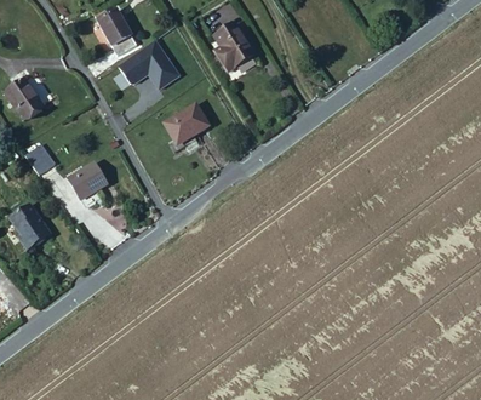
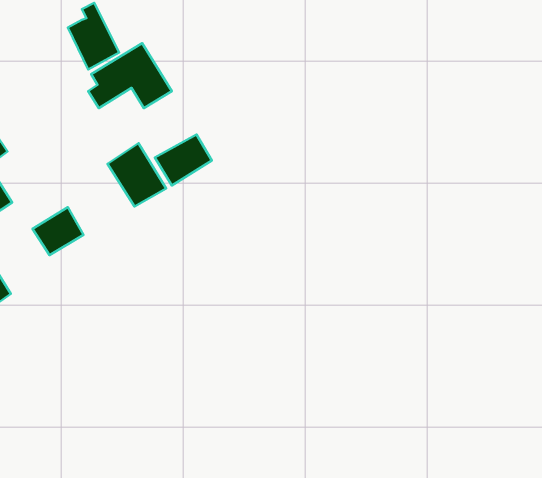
building: [211,17,254,68] -> none
building: none -> [108,143,166,207]

